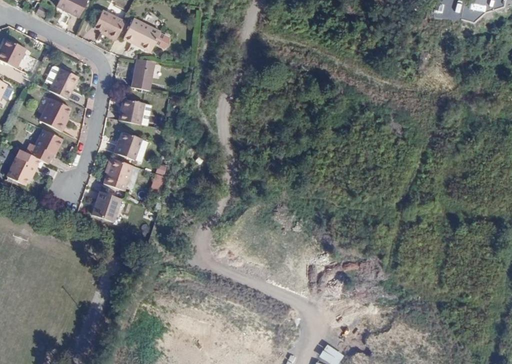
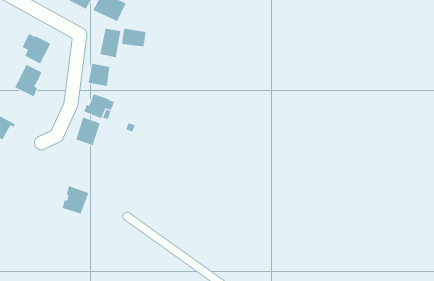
building: none -> [122,28,146,47]
building: [26,131,60,161] -> none
building: [91,189,122,221] -> [61,186,89,214]

